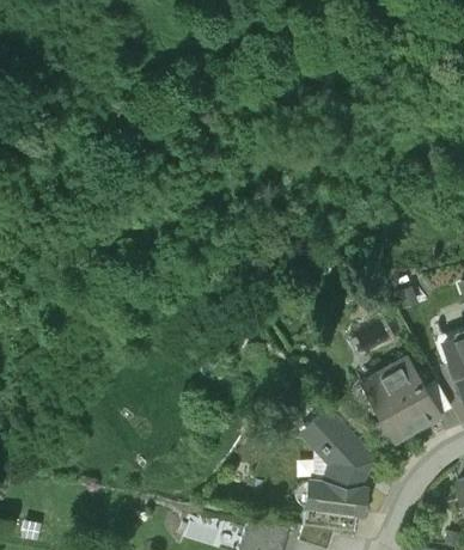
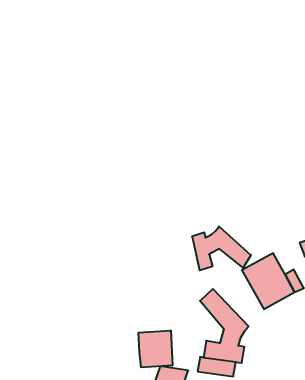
building: none -> [192,226,251,270]
building: none -> [139,330,172,367]

